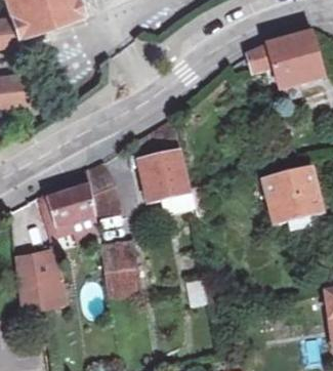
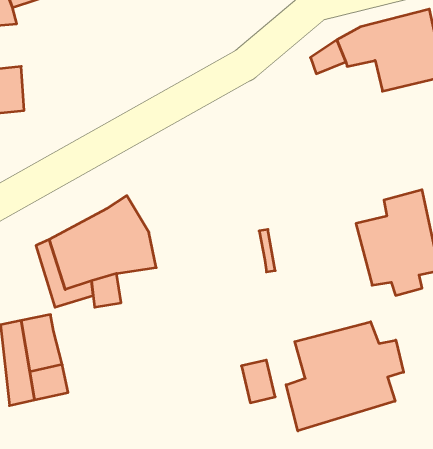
building: [135,119,188,202] -> none
building: [99,243,141,299] -> none
building: none -> [286,322,404,431]

